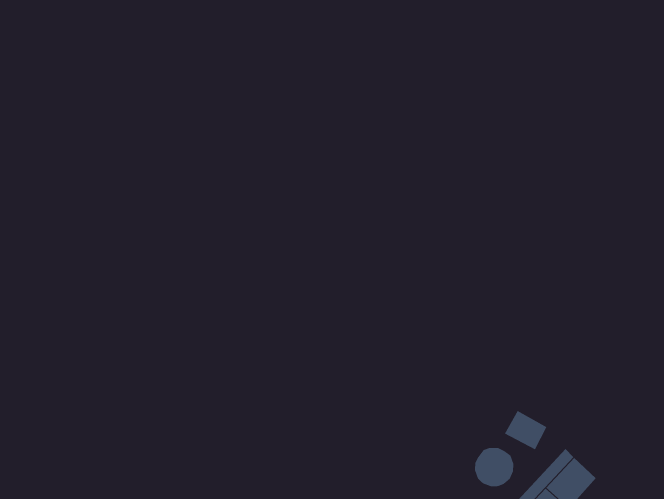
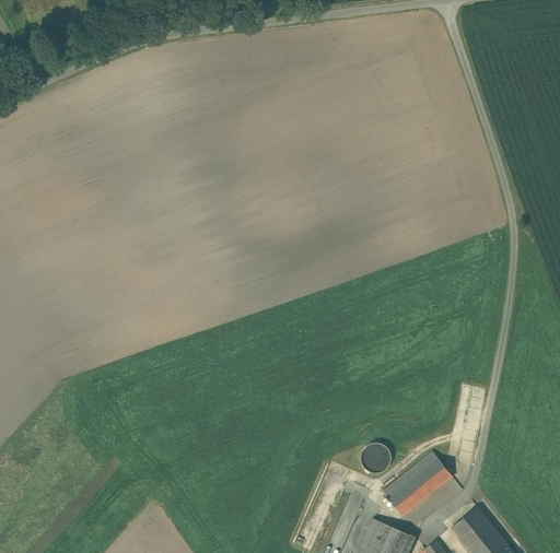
building: [504,410,547,450] -> none

